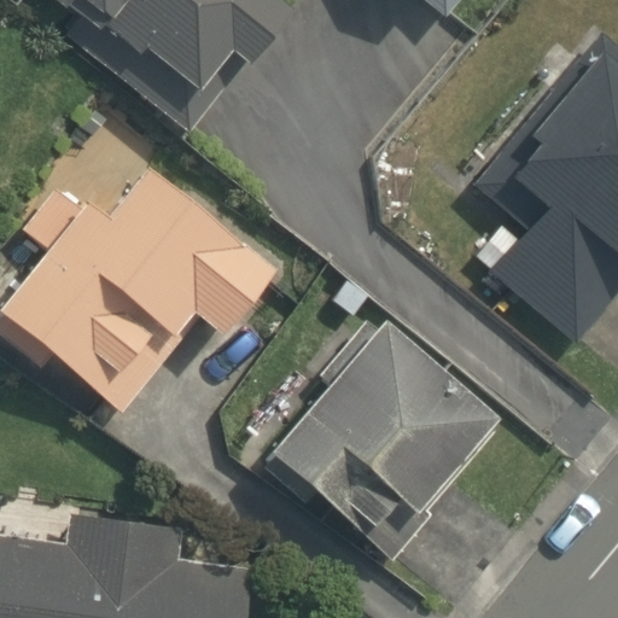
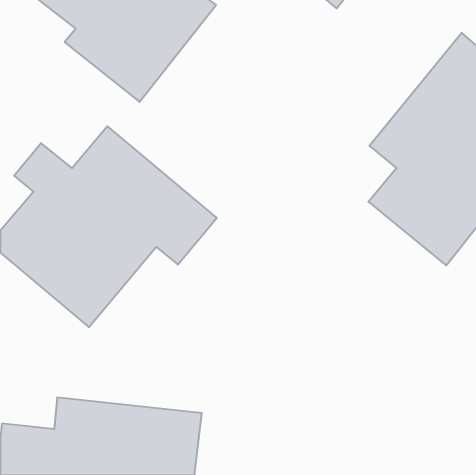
building: [275,317,499,560] -> none

